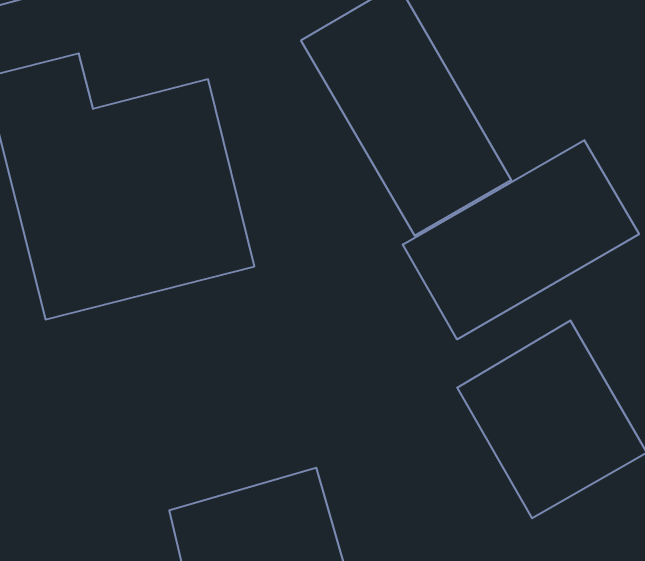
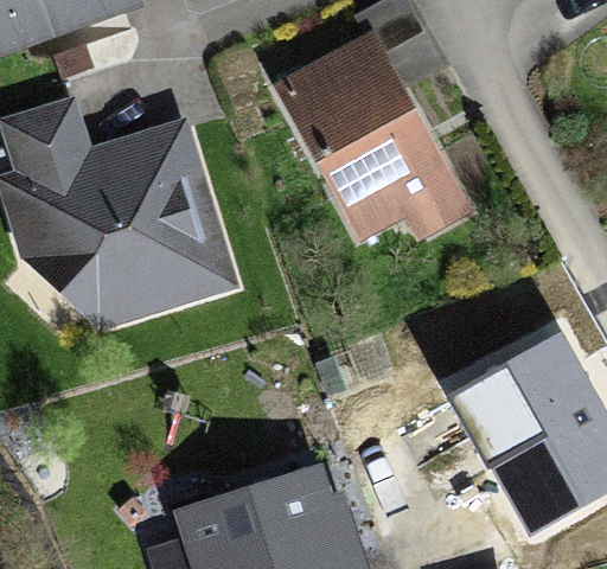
building: [403,140,639,339] -> none

